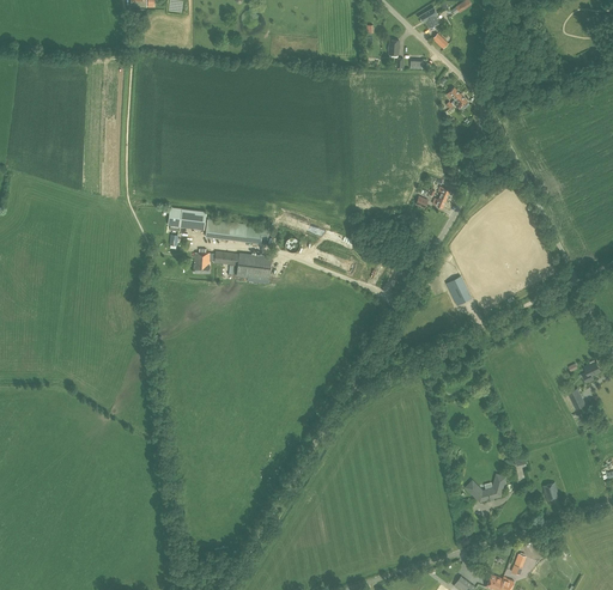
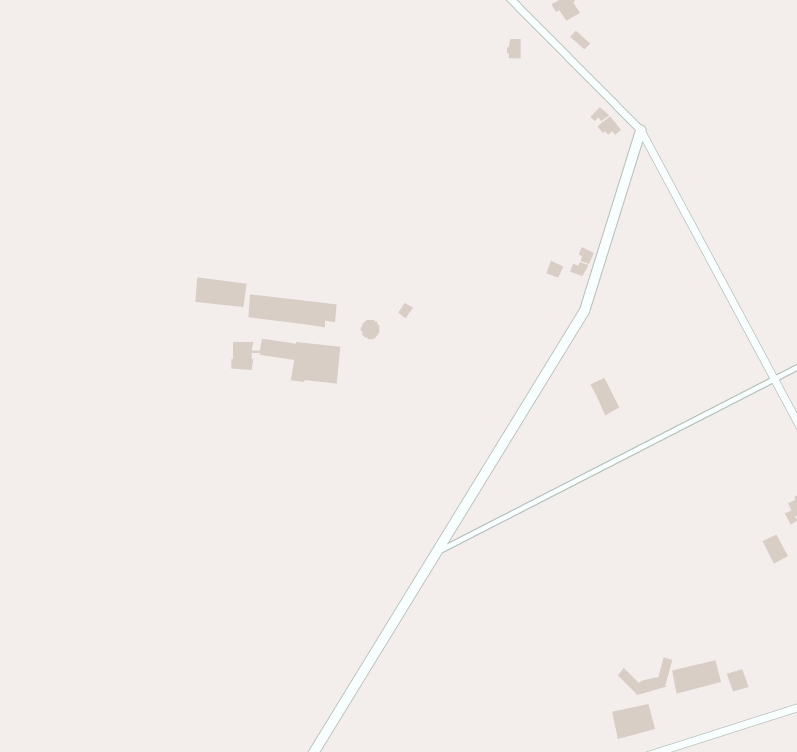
building: none -> [671,660,722,694]
building: none -> [611,703,656,740]

